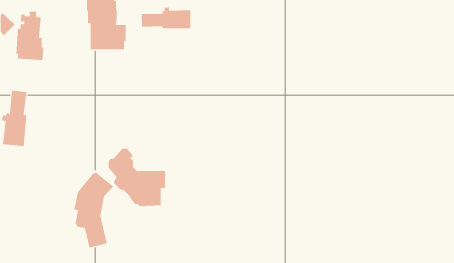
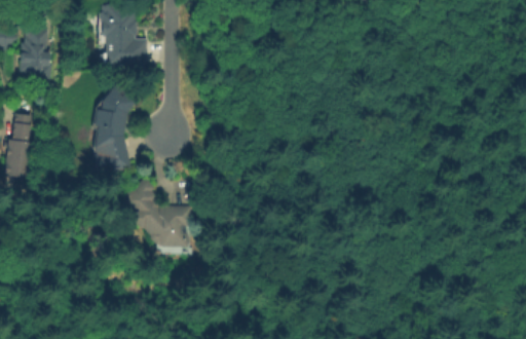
building: [141,7,191,29] -> none
building: [74,171,114,248] -> [91,84,138,173]

